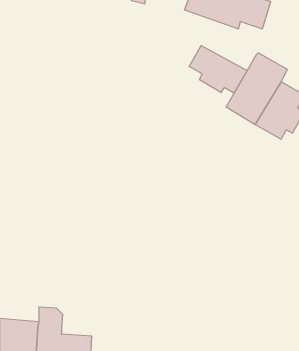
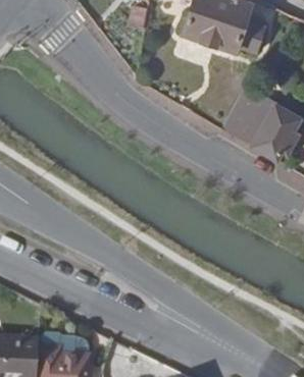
building: [189,45,247,93] -> none

